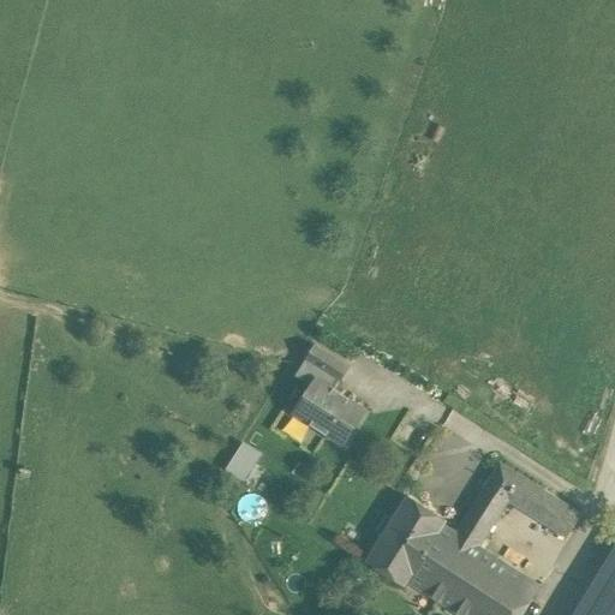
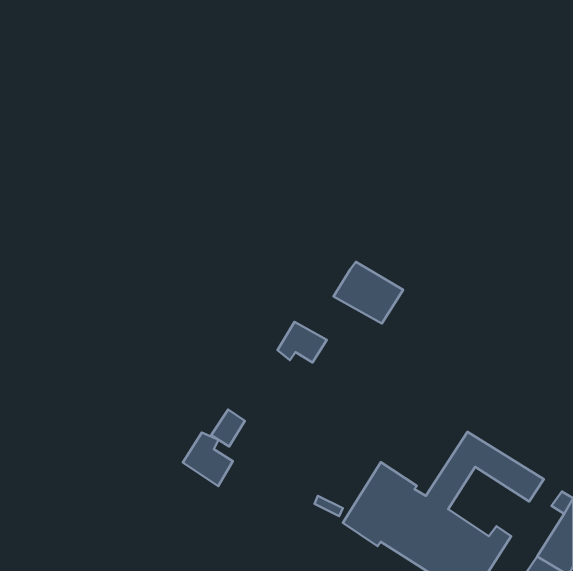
building: [292,380,366,446] -> [333,262,403,323]
building: none -> [183,432,233,486]

